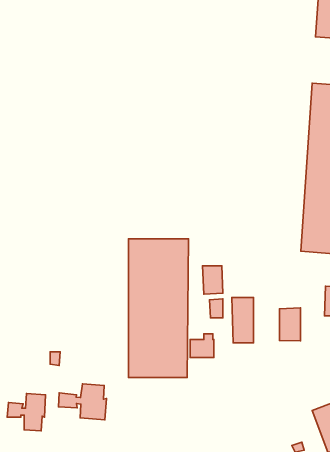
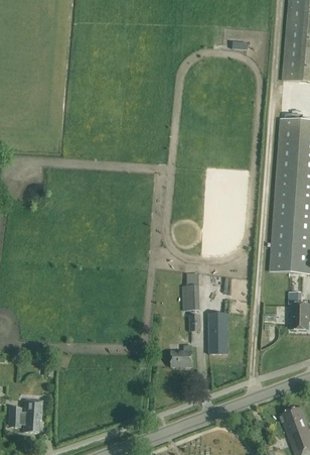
building: [129,239,188,378] -> none
building: [279,308,300,341] -> none
building: [58,384,107,420] -> none

